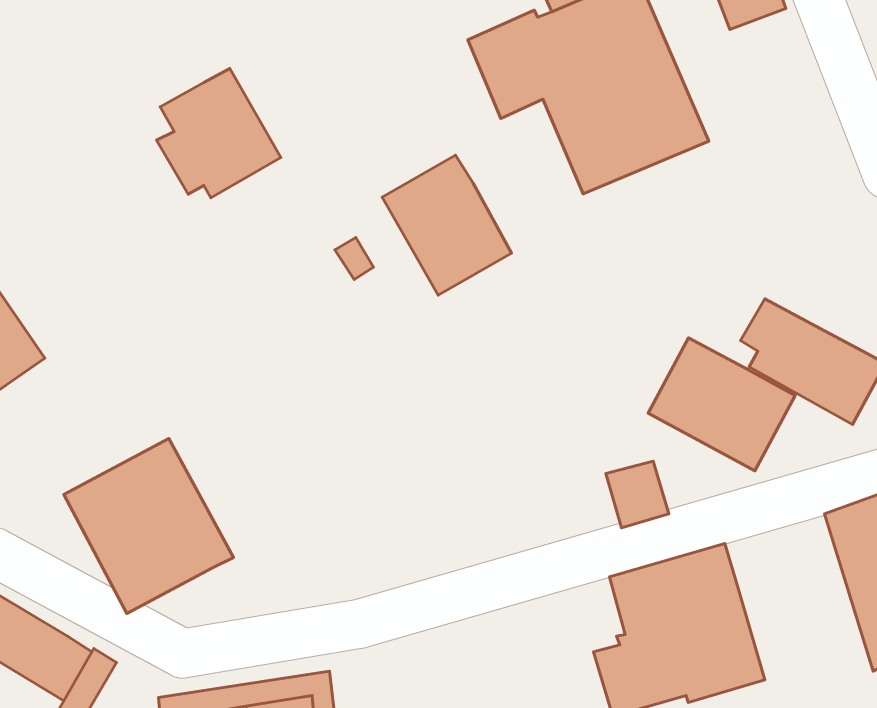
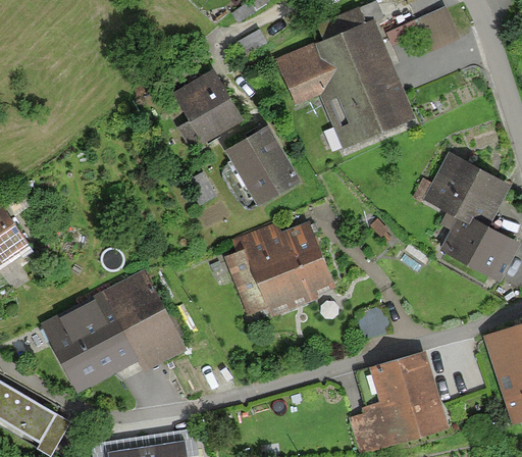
building: [157,68,281,198] -> [171,70,244,146]
building: none -> [224,220,335,316]
building: [648,338,795,471] -> [424,153,510,231]
building: none -> [101,269,187,372]

